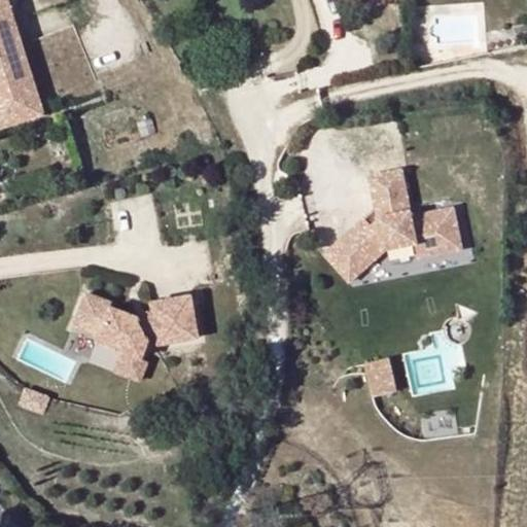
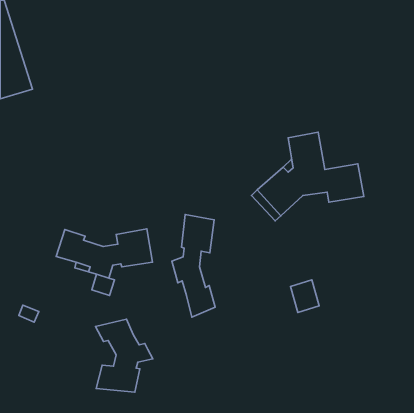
building: none -> [172,214,215,317]
building: none -> [96,319,153,392]

